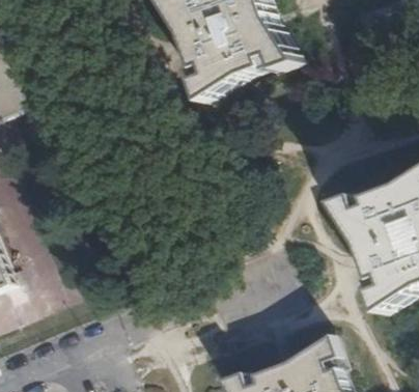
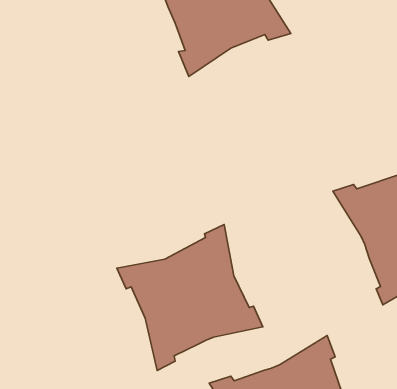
building: none -> [117,224,263,371]

